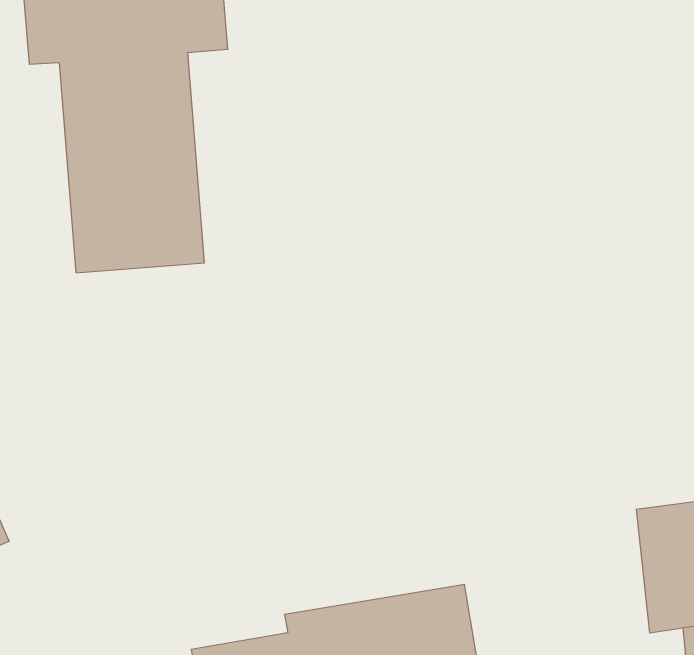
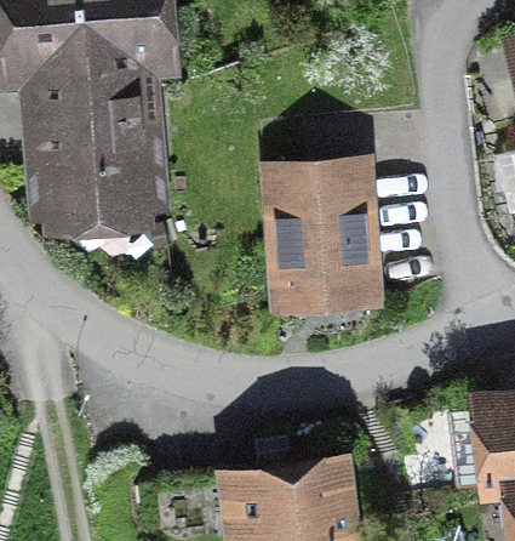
building: none -> [284,177,378,317]

